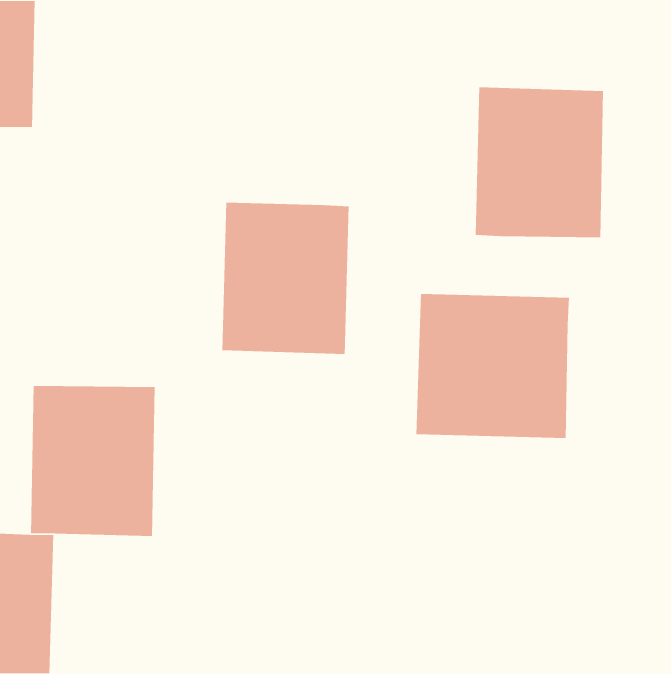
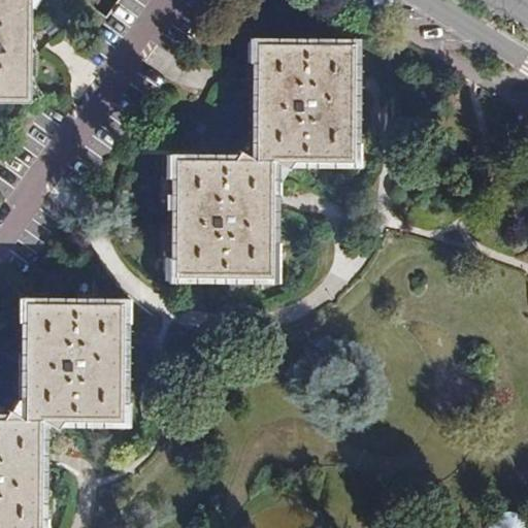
building: [475,87,604,238] -> [254,43,355,162]
building: [416,293,570,439] -> none

